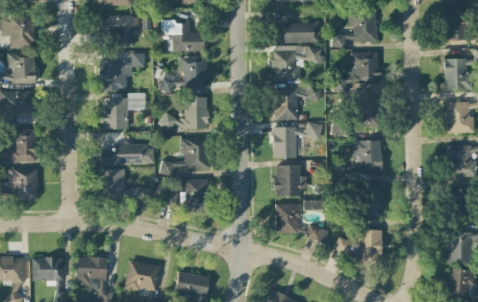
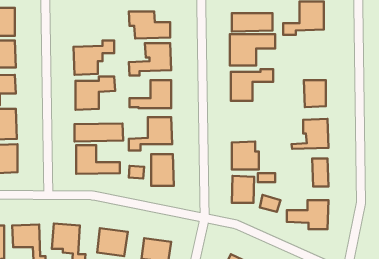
building: [101,15,139,48] -> none
building: [333,52,380,92] -> none
building: [273,123,321,158] -> none

